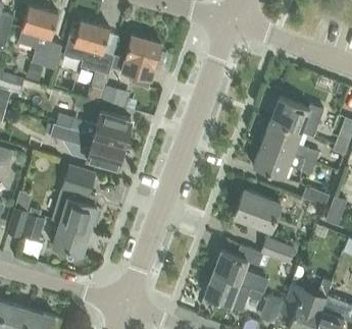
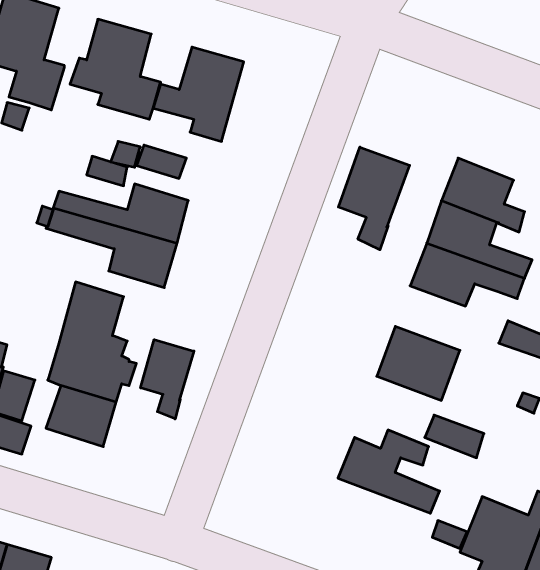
building: none -> [338,147,410,250]
building: none -> [141,340,194,419]
building: [204,273,262,311] -> none

